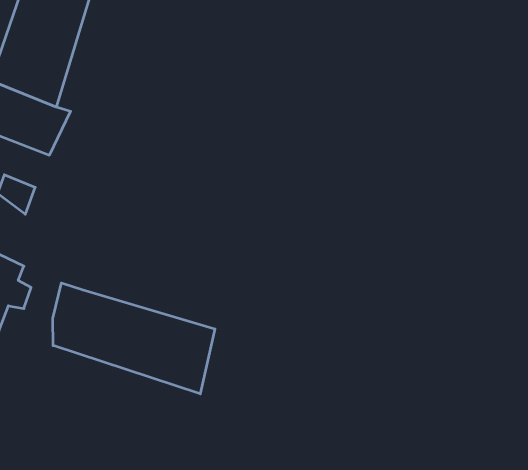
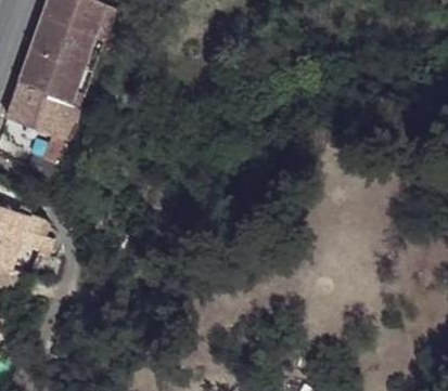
building: [53,283,215,394] -> none

